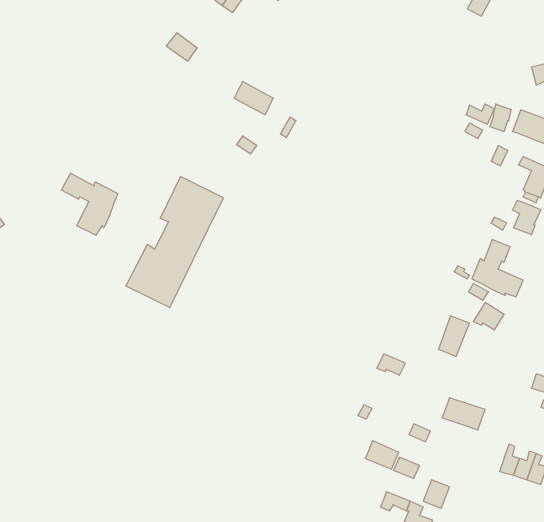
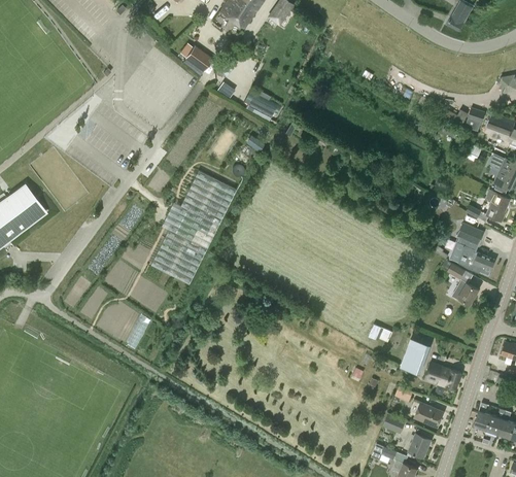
building: [61,173,118,235] -> none
building: [438,316,469,356] -> [401,338,427,373]
building: [365,441,399,469] -> [415,403,444,428]

